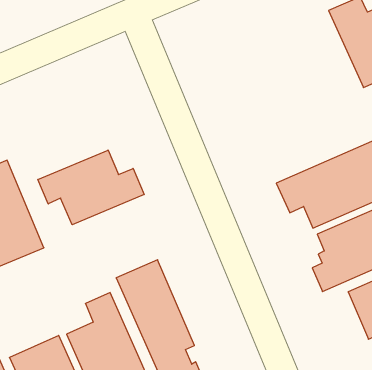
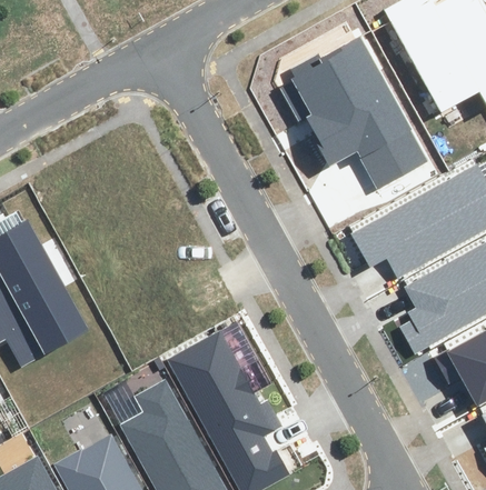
building: none -> [295,34,427,188]
building: [38,150,144,225] -> none

